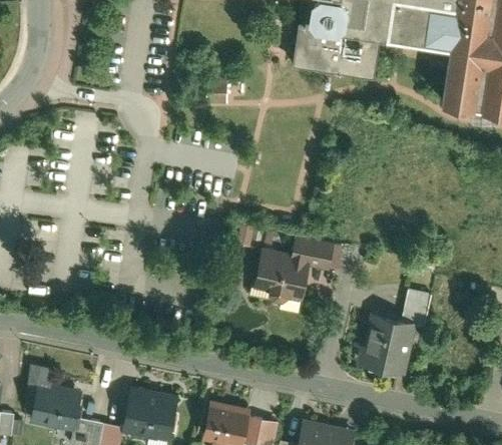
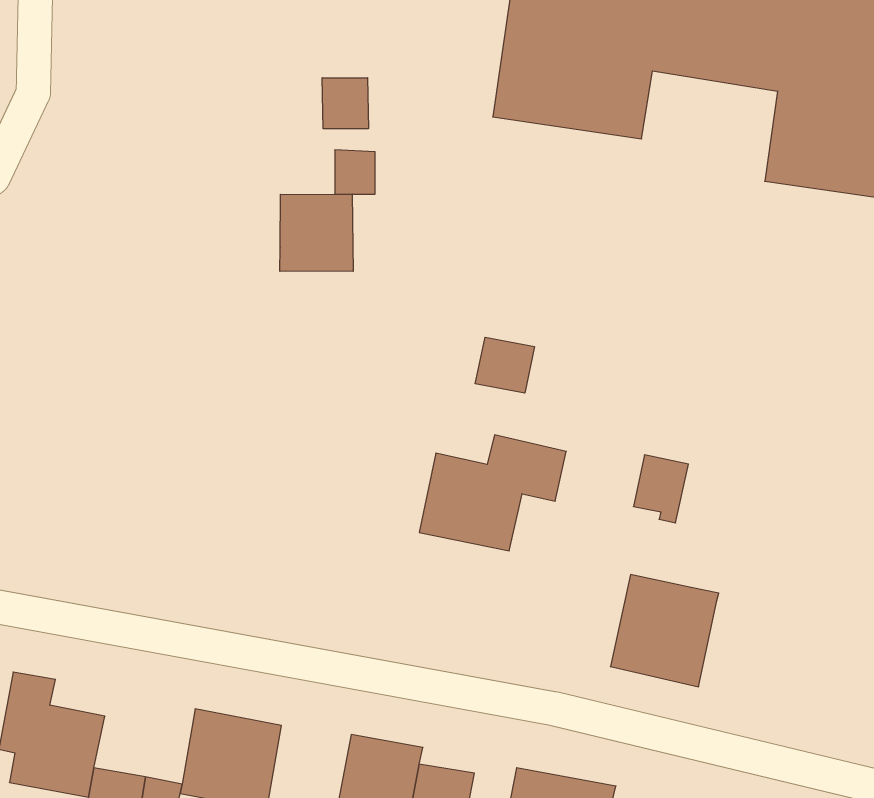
building: none -> [322,78,368,129]
building: none -> [280,194,353,271]
building: none -> [475,337,534,393]
building: [401,294,431,331] -> [633,455,688,523]

